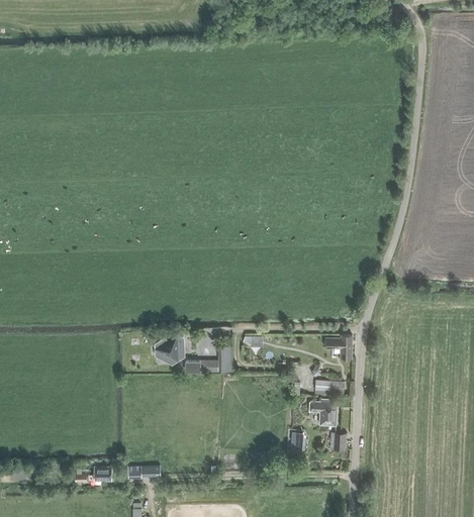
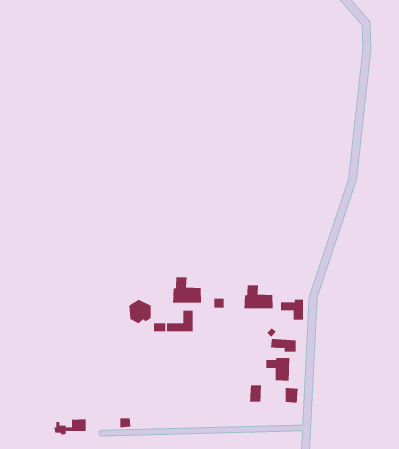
building: none -> [173,277,201,304]
building: none -> [244,284,273,309]

